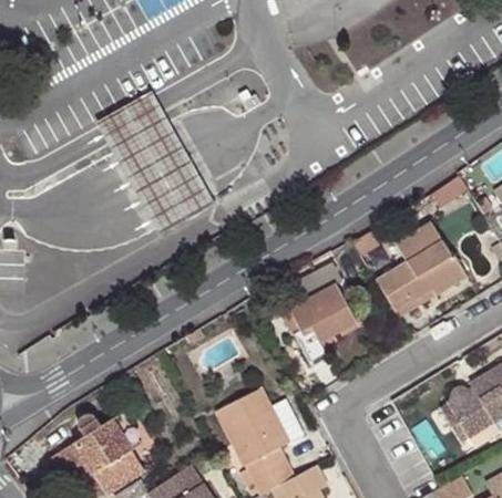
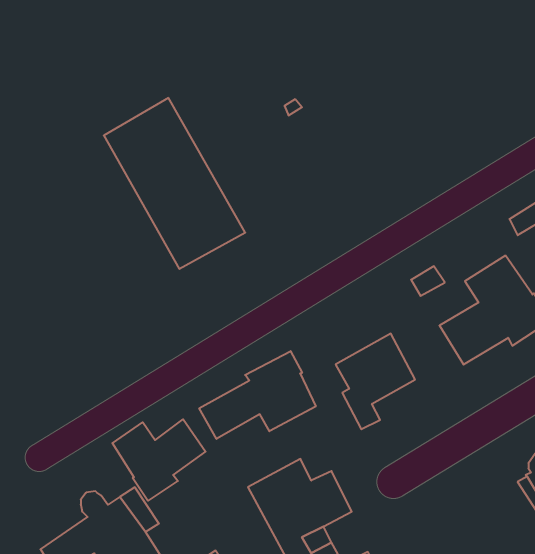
building: none -> [199,351,316,439]
building: none -> [112,419,206,501]

